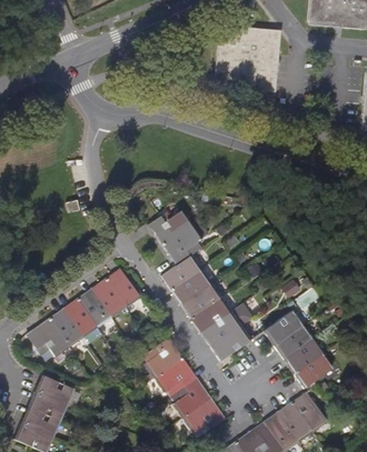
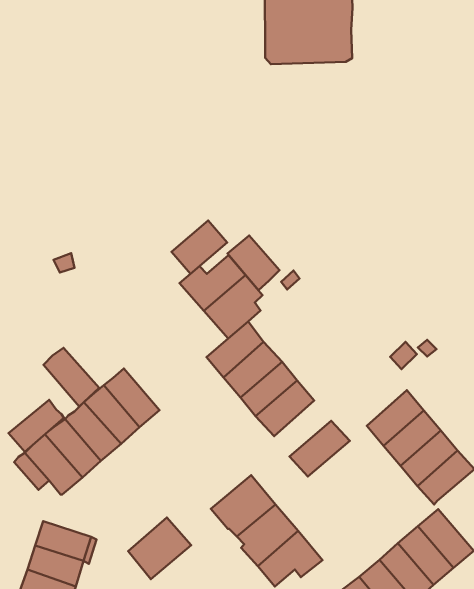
building: none -> [172,221,227,274]
building: none -> [227,235,280,290]
building: [105,268,140,308] -> [43,348,99,407]
building: none -> [8,400,64,452]
building: [200,302,252,346] -> none
building: [140,337,182,376] -> [128,517,191,579]

